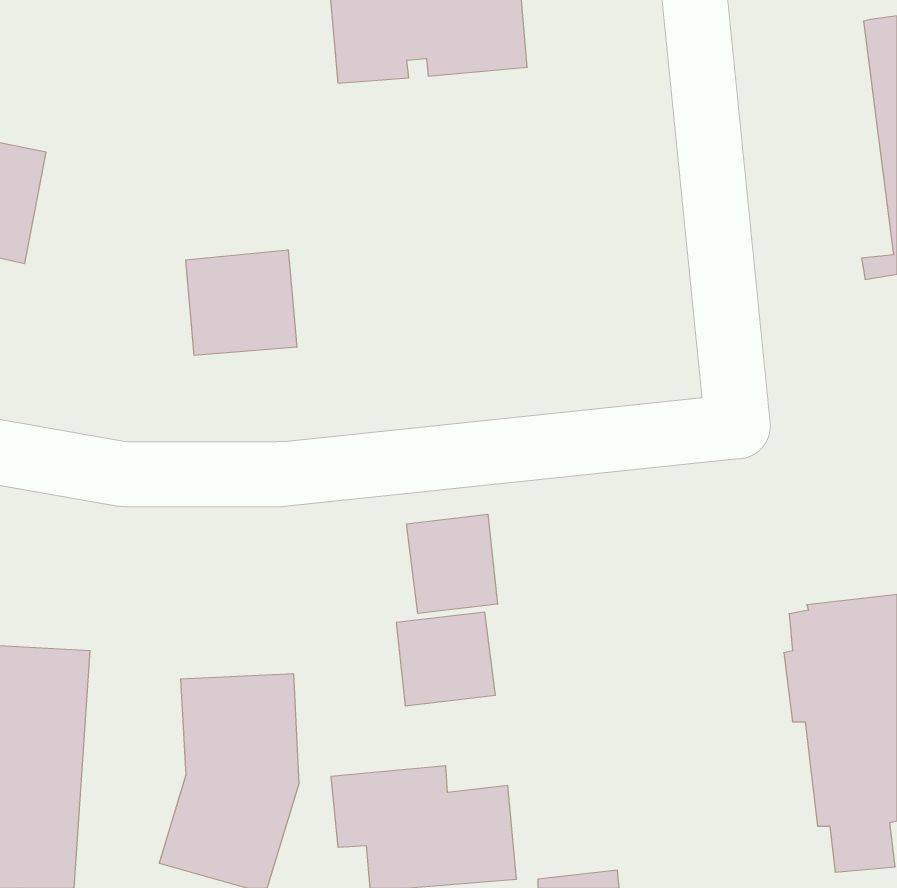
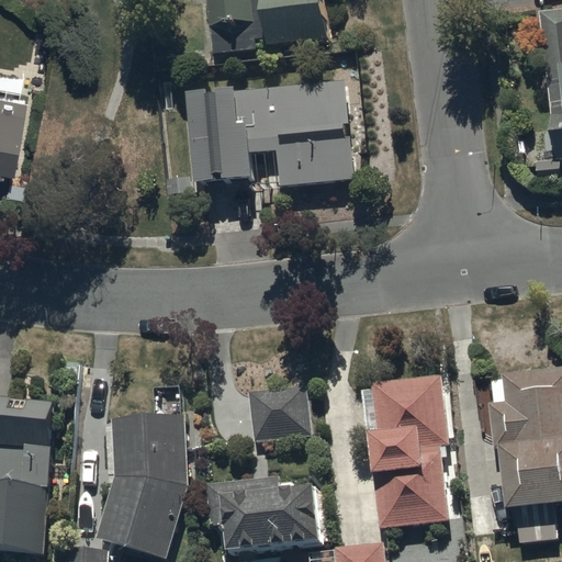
building: none -> [186,81,355,189]
building: [186,250,297,355] -> none
building: [407,514,498,613] -> none
building: none -> [360,374,449,528]

